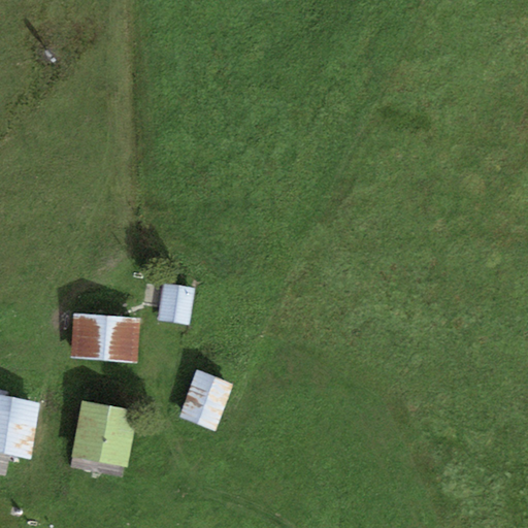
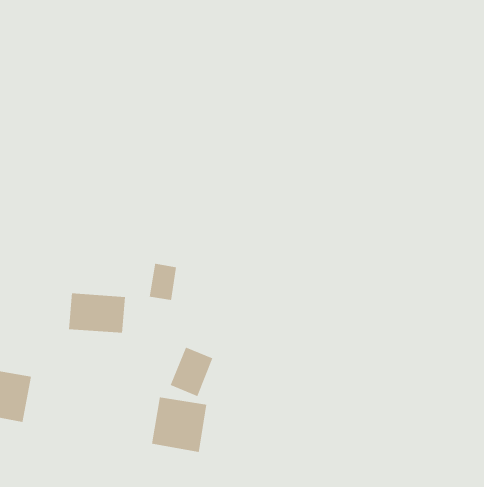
building: [73,404,133,464] -> [151,397,207,452]

